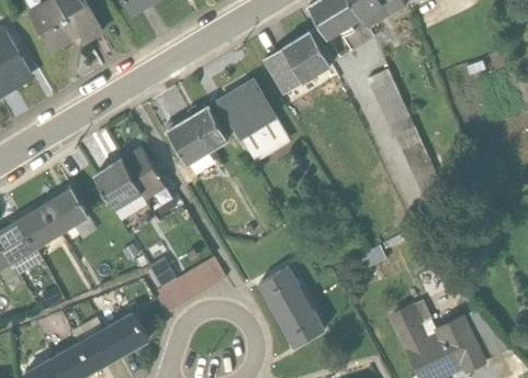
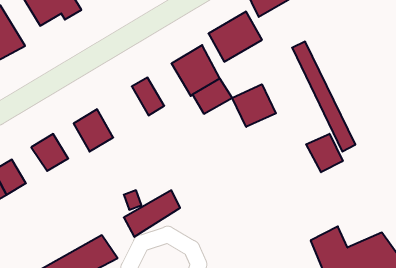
building: [187,105,228,153] -> none
building: none -> [232,84,276,127]
building: [124,146,167,198] -> none
building: none -> [306,134,343,172]
building: [18,204,61,249] -> none
building: [256,268,325,347] -> none

